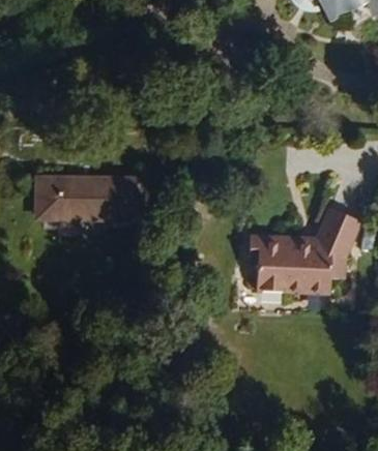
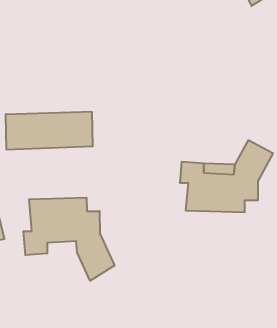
building: none -> [24,198,114,281]

